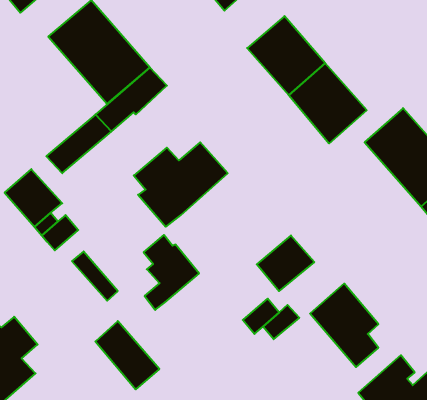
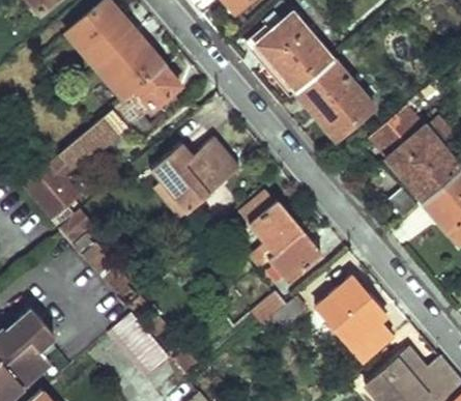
building: [144,235,199,310] -> [246,192,299,264]

